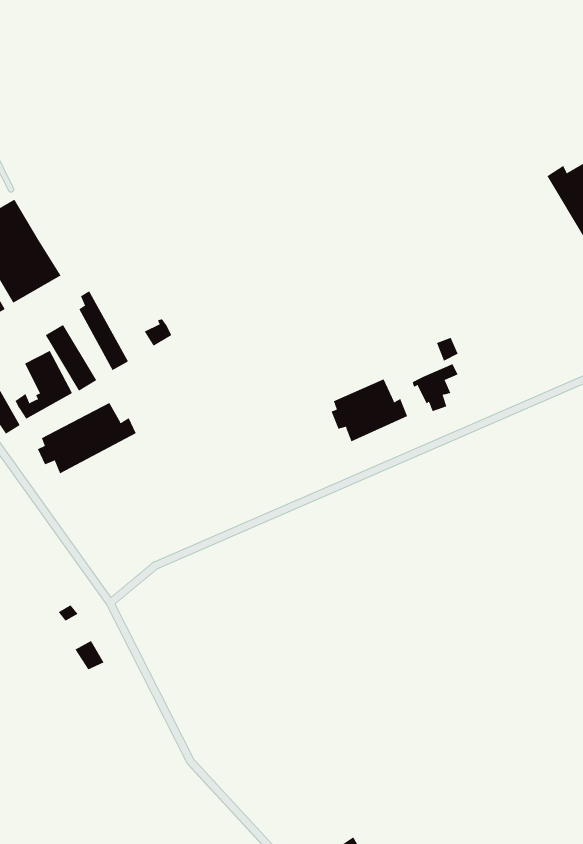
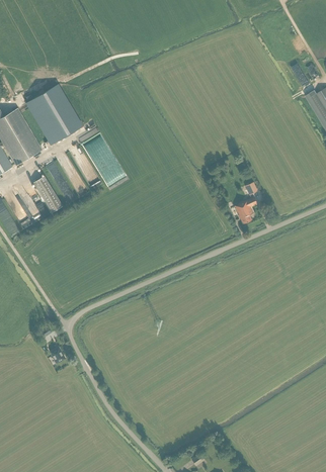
building: none -> [26,85,82,145]
building: [331,379,408,442] -> none
building: [37,402,136,474] -> none

